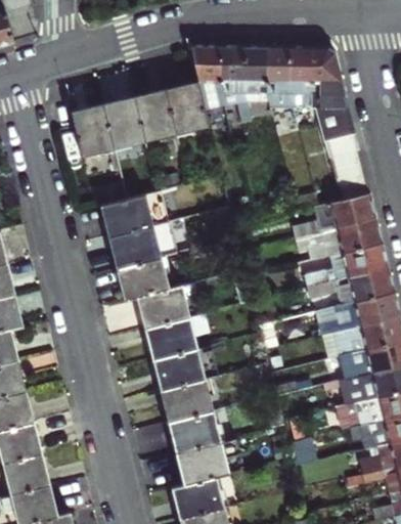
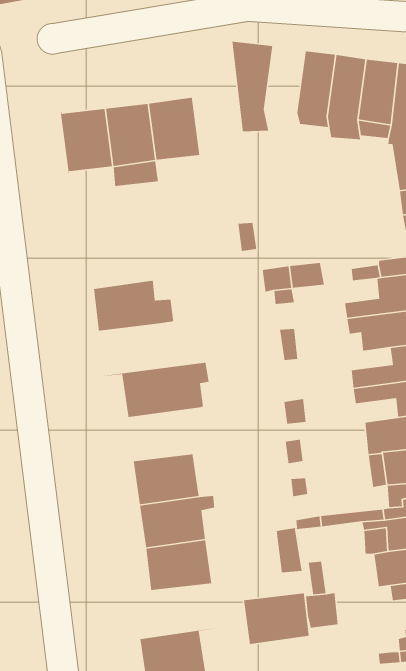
building: [219,46,251,124] -> none
building: [166,81,209,132] -> none
building: [99,194,152,237] -> none
building: [117,258,181,300] -> none
building: [145,315,203,359] -> none
building: [170,442,229,488] -> [229,593,312,648]

